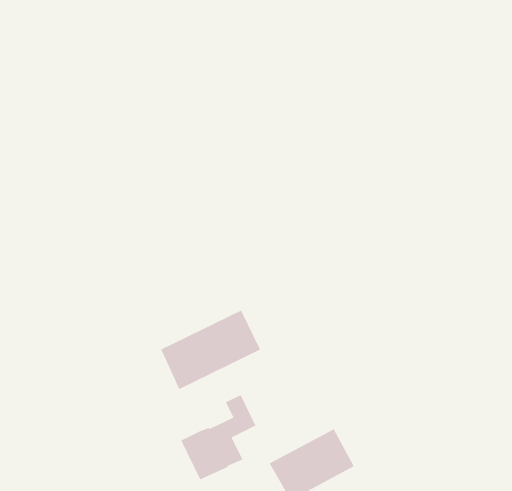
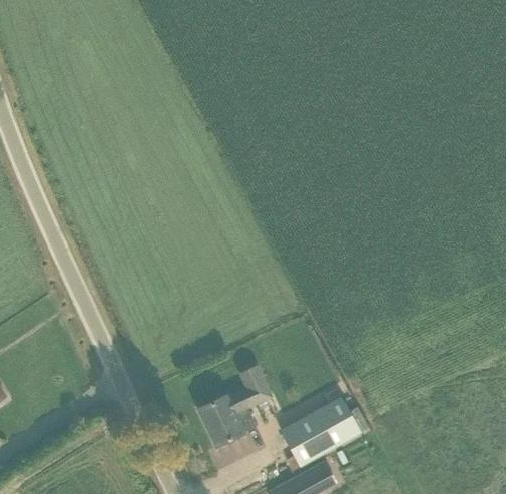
building: [160,310,261,390] -> none

